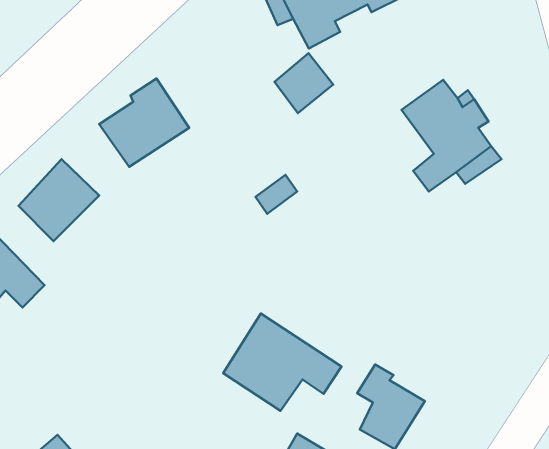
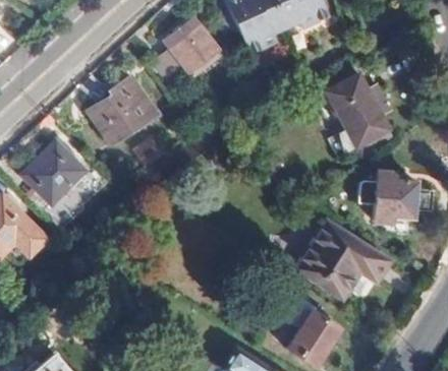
building: [274,53,333,113] -> [173,25,219,72]
building: none -> [358,172,415,223]
building: [223,313,342,411] -> [300,226,393,302]

